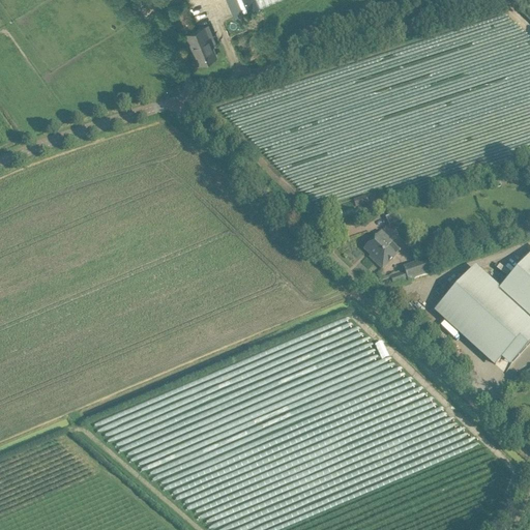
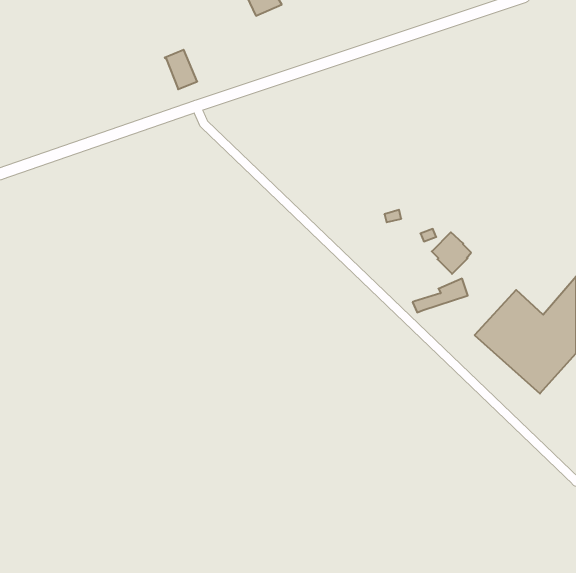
building: [186,24,216,60] -> [165,50,197,89]
building: [363,229,400,267] -> [432,232,471,274]

